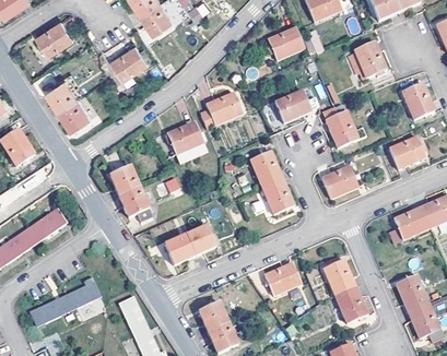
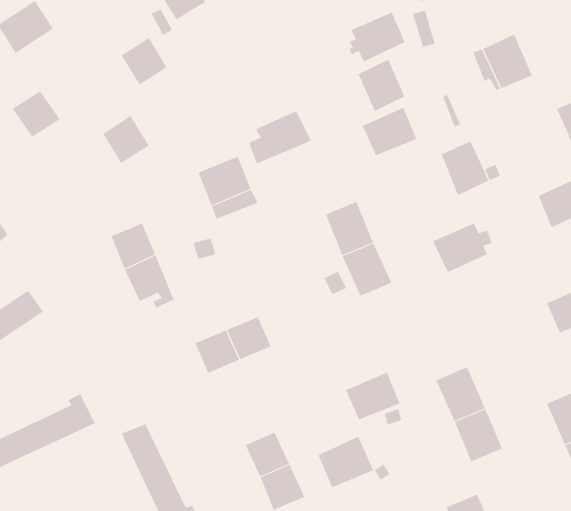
building: none -> [358,59,405,112]
building: [59,98,90,130] -> [103,115,149,164]
building: none -> [318,436,374,488]

